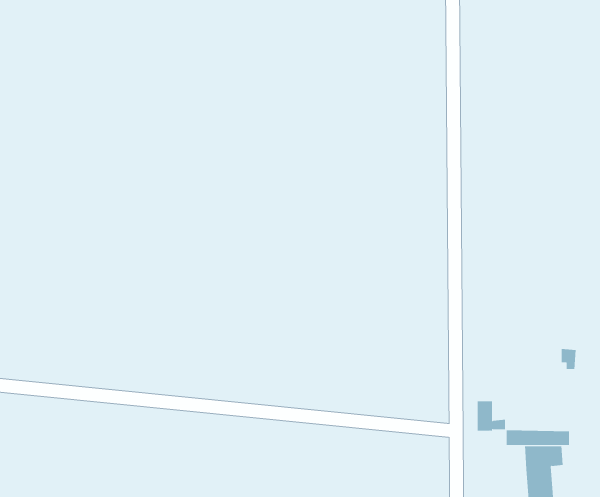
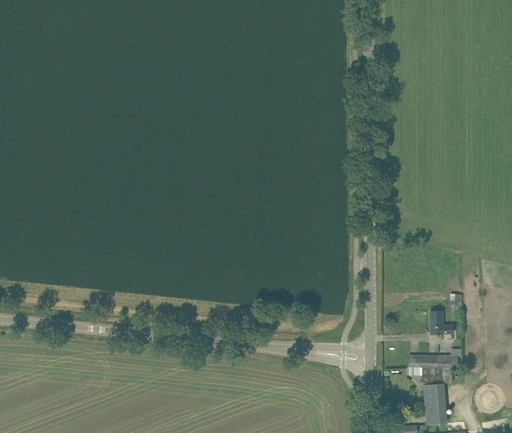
building: [477,401,506,431] -> [431,311,453,334]

